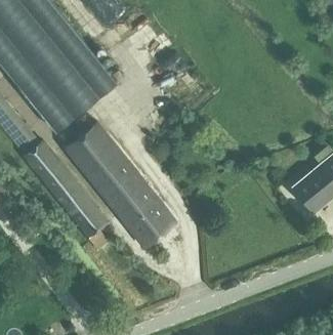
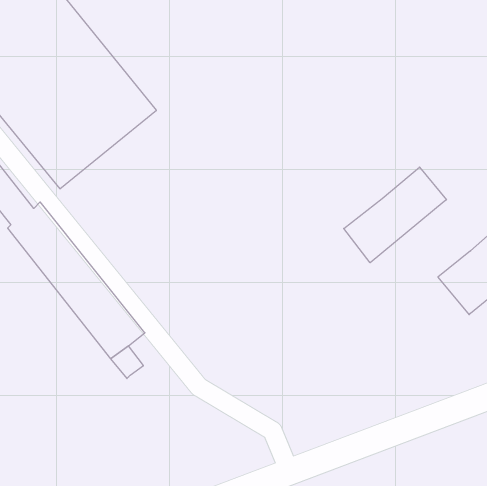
building: none -> [344,167,446,263]
building: [65,122,175,248] -> none

